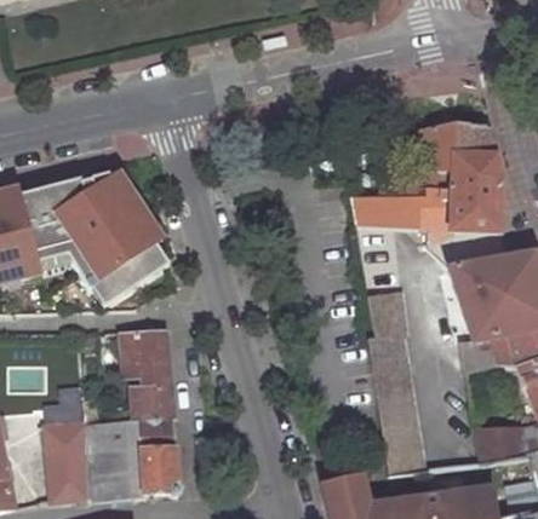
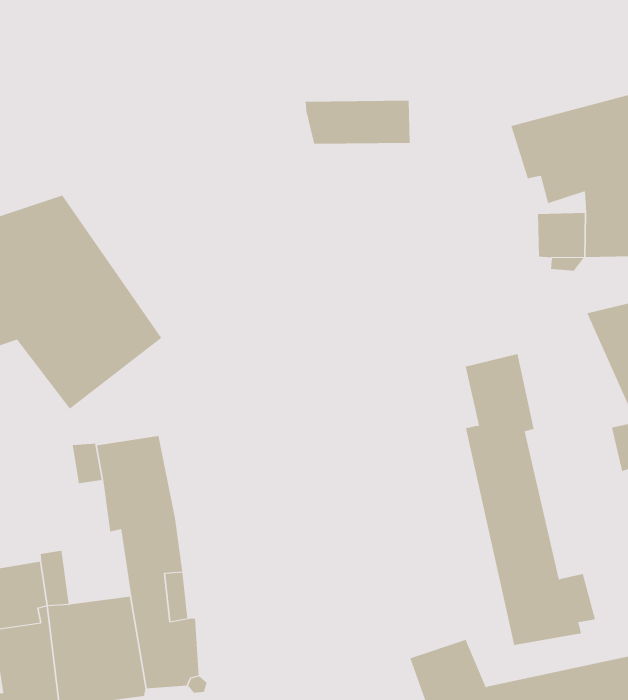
building: [353,196,420,227] -> [305,100,411,144]

